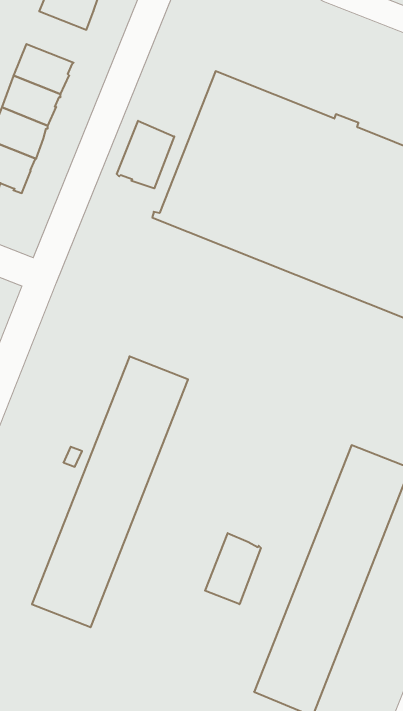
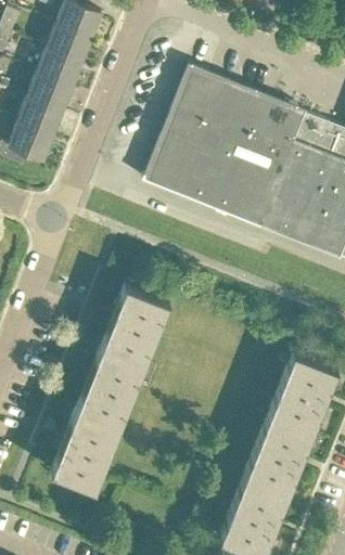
building: none -> [47,23,92,62]
building: [117,121,174,188] -> none
building: [205,533,261,604] -> none

